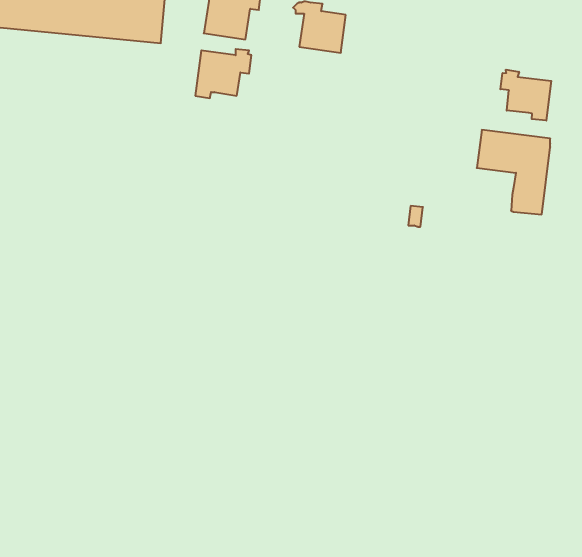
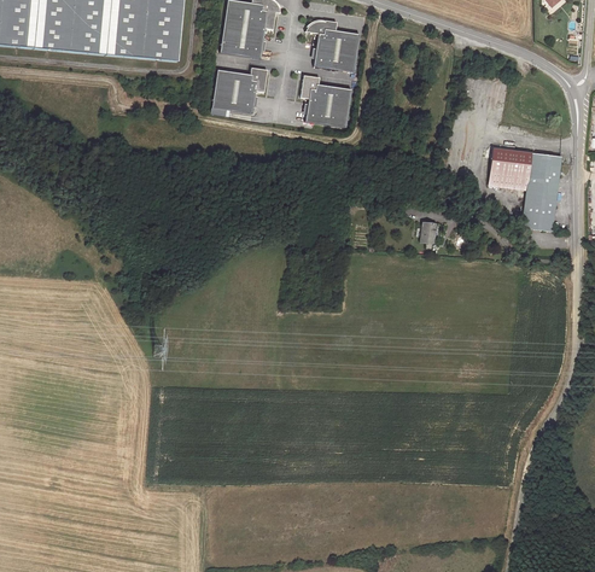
building: none -> [299,75,351,127]
building: [500,70,551,121] -> none

